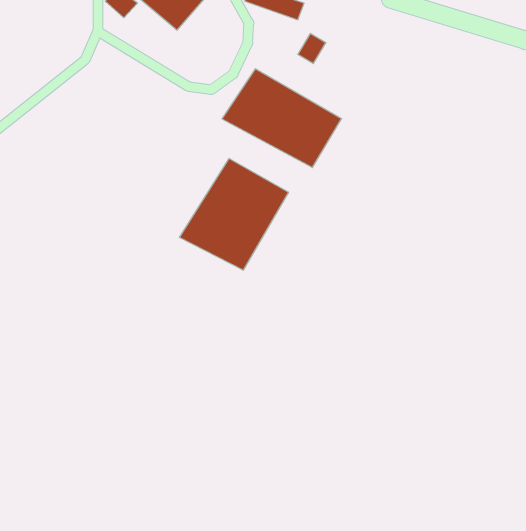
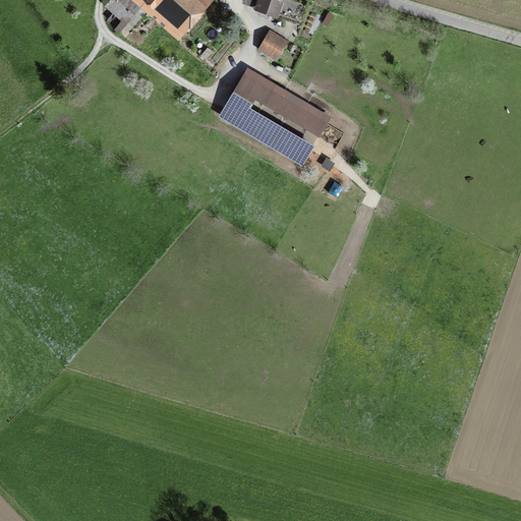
building: [298,33,326,64] -> [253,28,281,58]
building: [179,159,288,270] -> none

